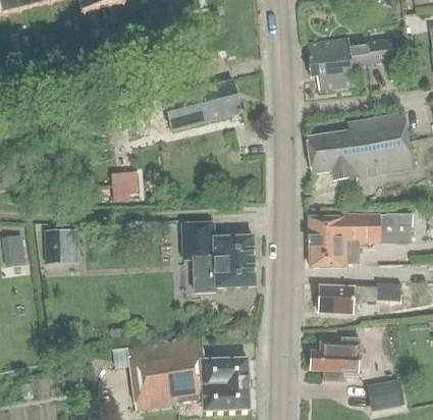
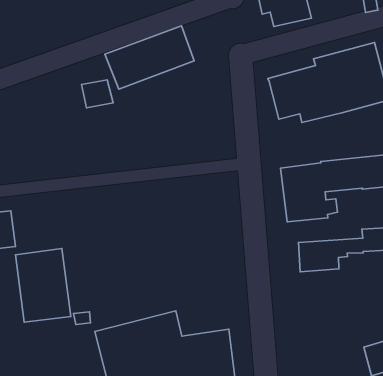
building: [111,170,138,194] -> [82,80,113,108]
building: [184,218,257,291] -> none
building: none -> [15,248,71,322]
building: [310,338,359,380] -> none

